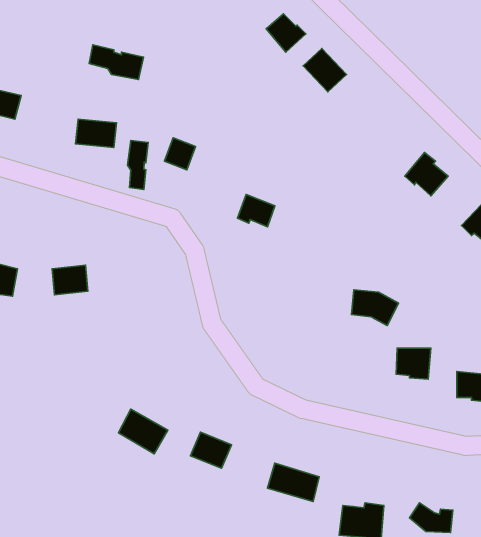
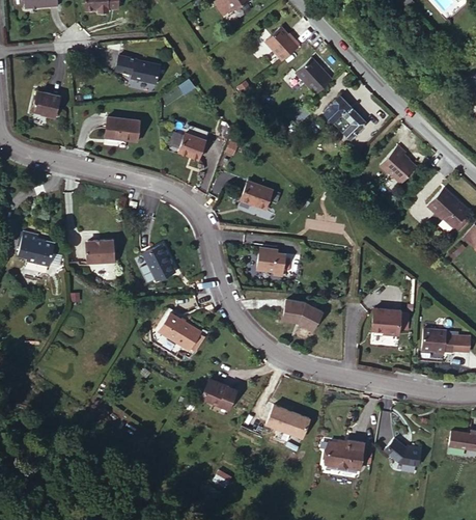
building: none -> [321,94,366,138]
building: [127,141,148,189] -> none
building: none -> [143,244,175,281]
building: none -> [256,247,286,278]
building: [351,290,398,326] -> [284,300,324,330]
building: [118,409,168,454] -> [160,314,201,352]

